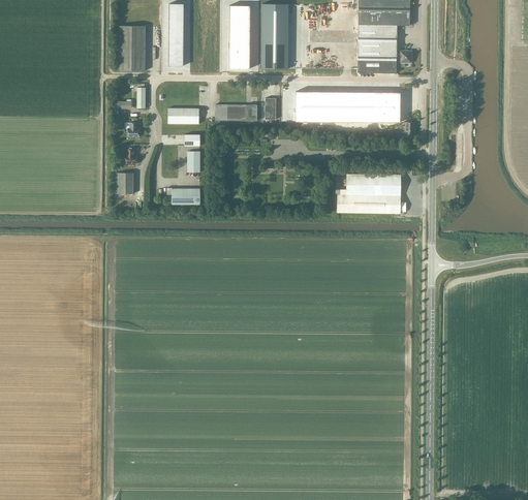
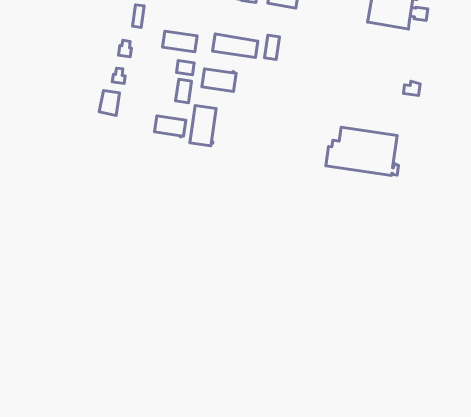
building: [294,91,400,122] -> none
building: none -> [202,69,236,91]
building: none -> [190,106,216,146]

